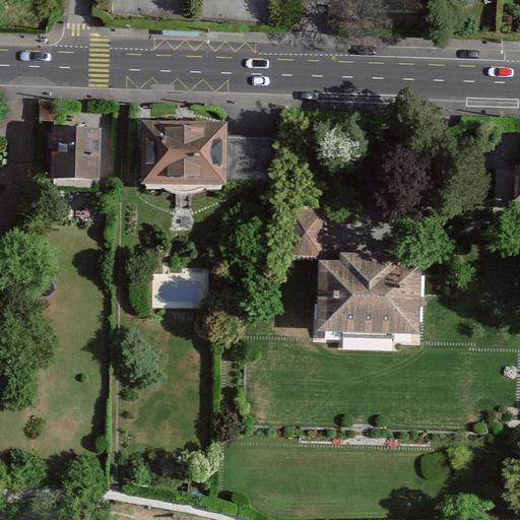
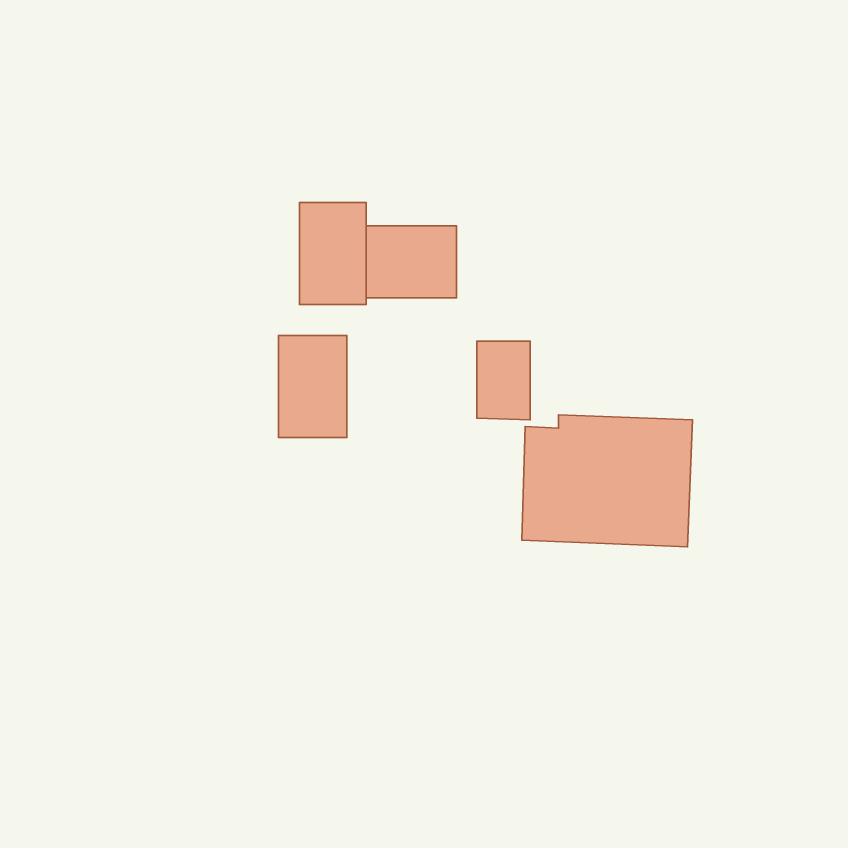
building: [140,123,182,185] -> [278,336,347,438]
building: [49,132,100,181] -> none

